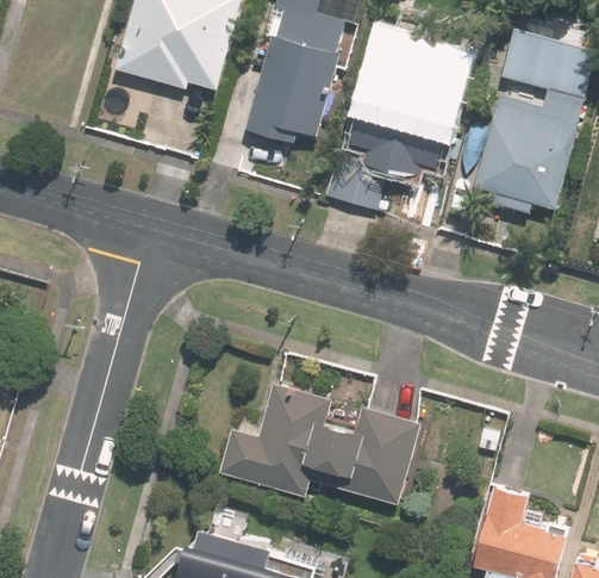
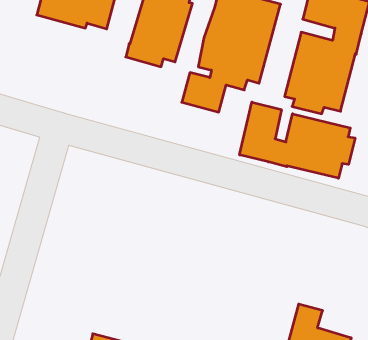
building: none -> [240,102,355,178]
building: [221,384,420,505] -> none

